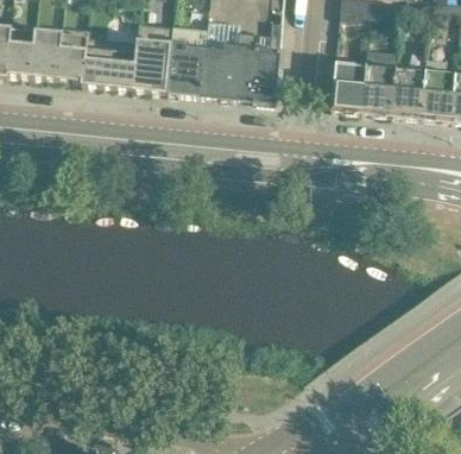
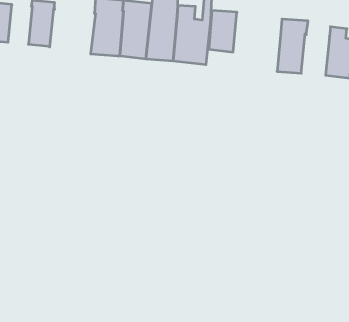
building: [32,31,62,80] -> none
building: [82,36,139,92] -> none
building: [331,62,366,113] -> [209,10,237,52]
building: [391,67,425,118] -> none

